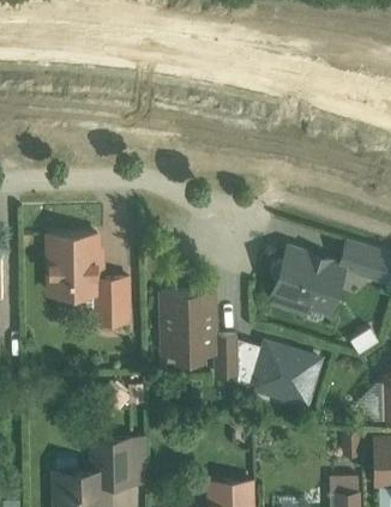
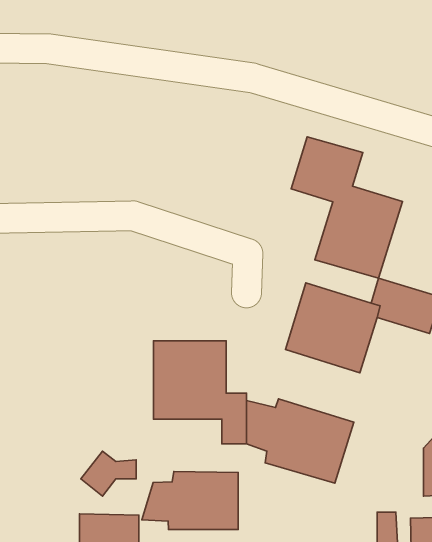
building: none -> [291,137,402,278]
building: [47,235,130,326] -> none
building: none -> [142,471,238,529]

